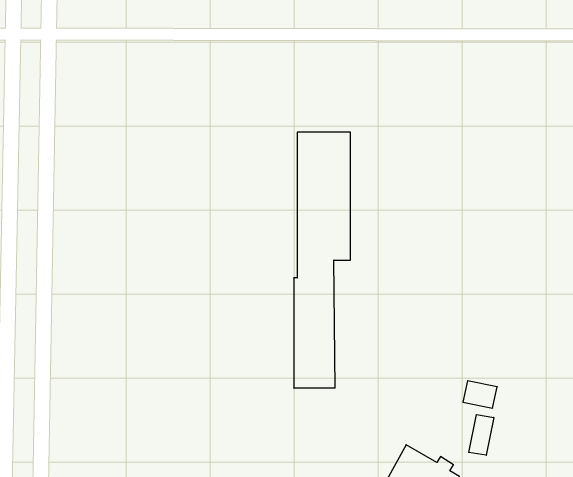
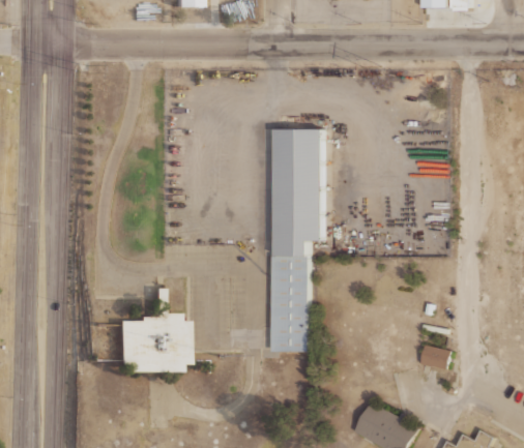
building: none -> [116,289,186,371]
building: [469,415,494,455] -> none

